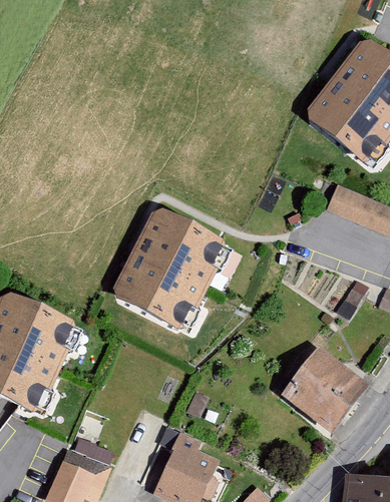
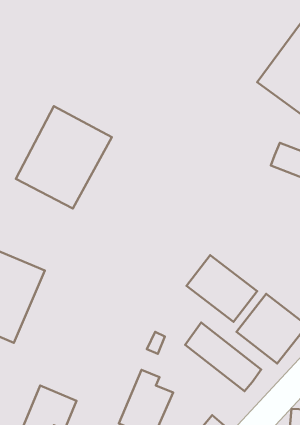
building: [115,212,222,326] -> [16,106,112,209]
building: none -> [186,255,257,322]
building: none -> [185,322,261,391]

